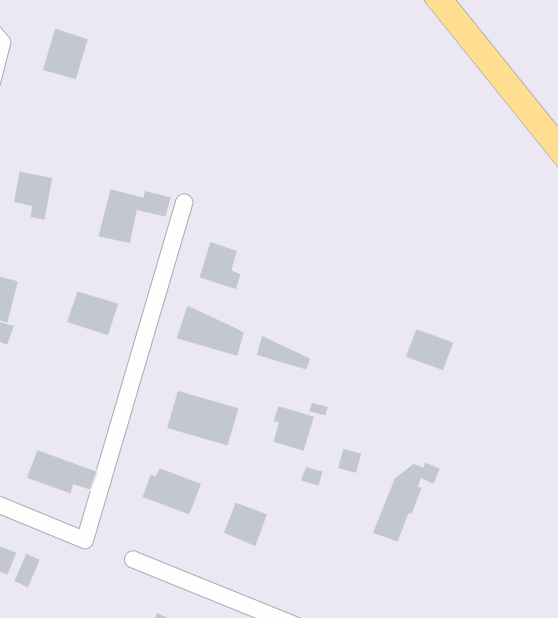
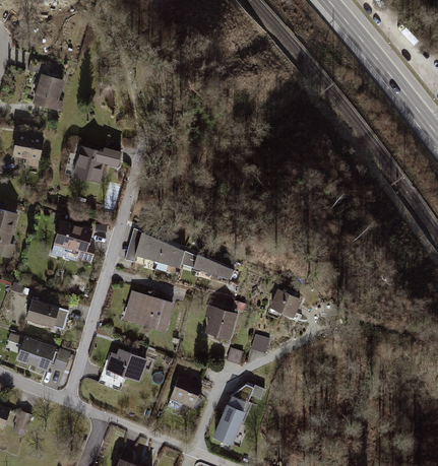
building: [42,28,89,80] -> [30,70,65,109]
building: [198,241,242,290] -> none
building: [405,328,454,371] -> [266,287,303,319]
building: none -> [23,297,69,329]
building: [372,461,441,543] -> [213,383,264,443]

